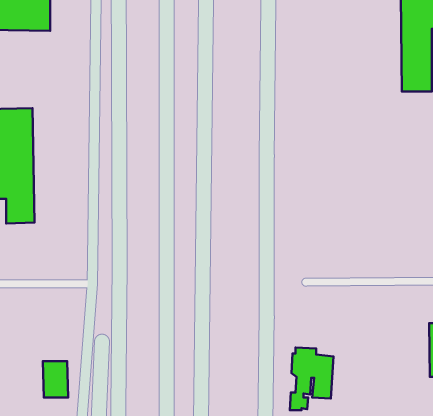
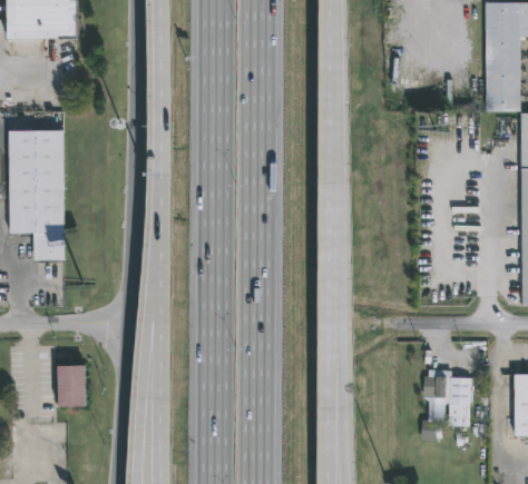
building: [290,348,334,410] -> [421,369,471,441]
building: [43,361,68,397] -> [57,366,86,407]

